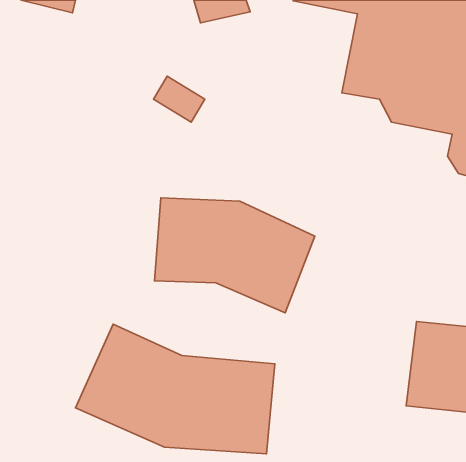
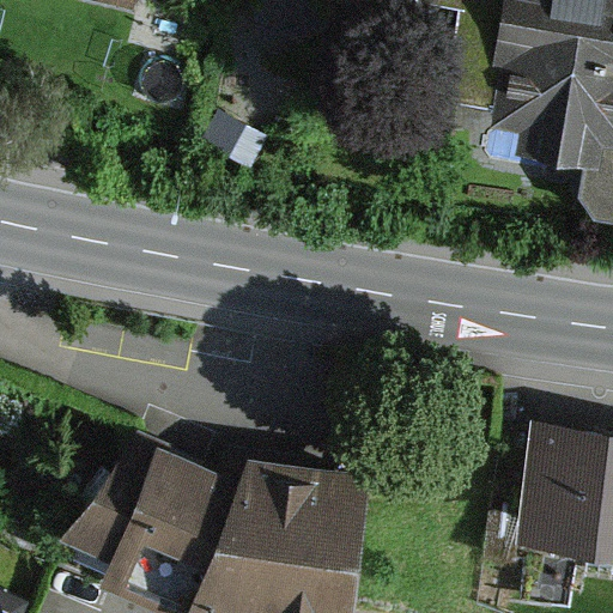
building: [154,198,315,313] -> none

